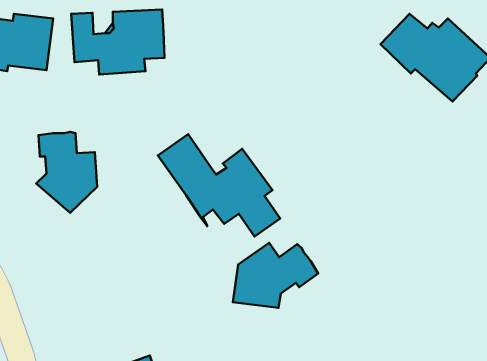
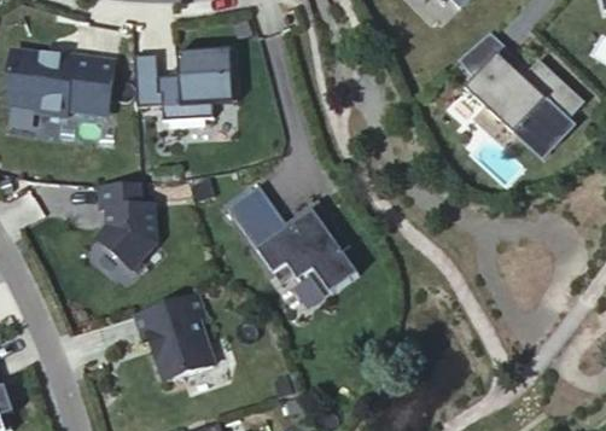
building: none -> [133,292,212,380]
building: [233,243,318,308] -> none

